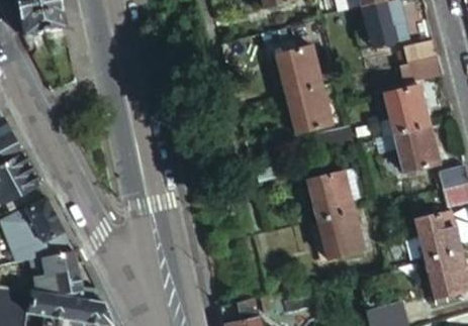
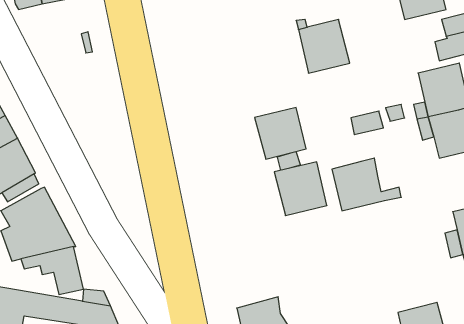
building: [285,85,332,131] -> [255,108,306,159]
building: [315,209,363,257] -> [274,162,327,216]

